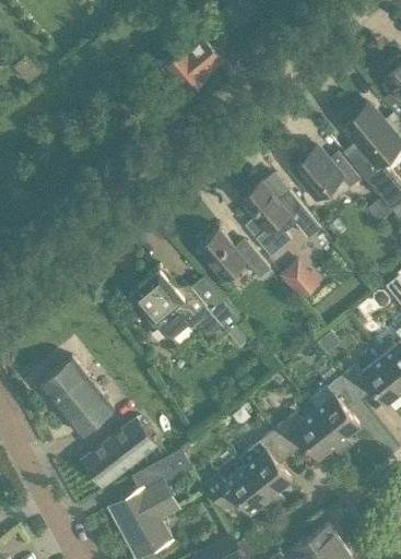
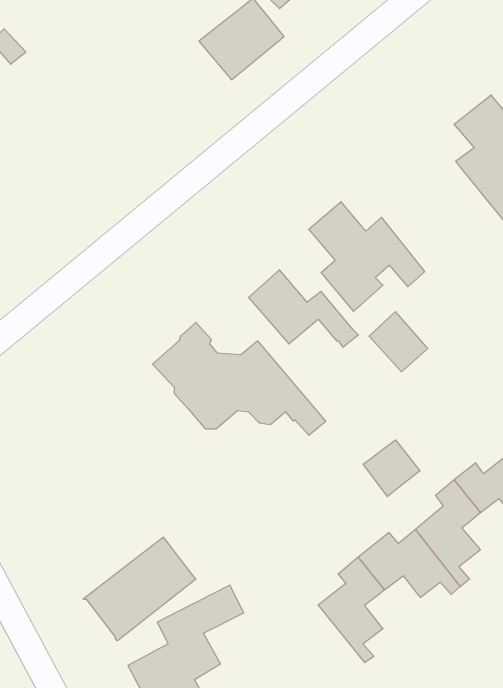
building: [291,145,361,200] -> none
building: none -> [363,440,420,497]
building: [38,358,114,436] -> none
building: [205,464,279,512] -> none

